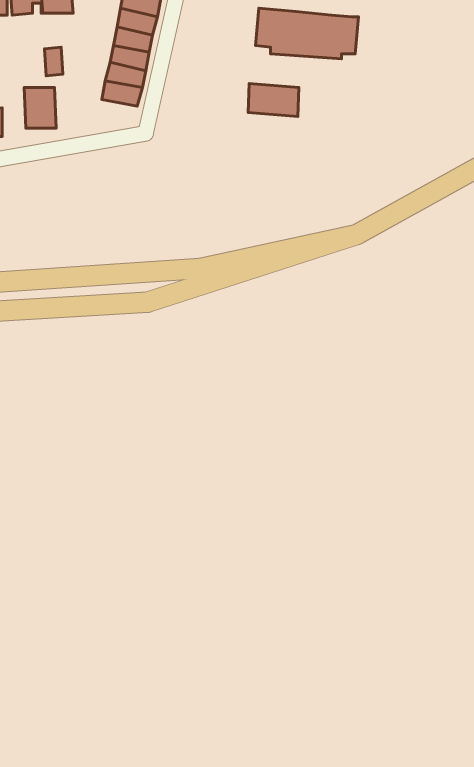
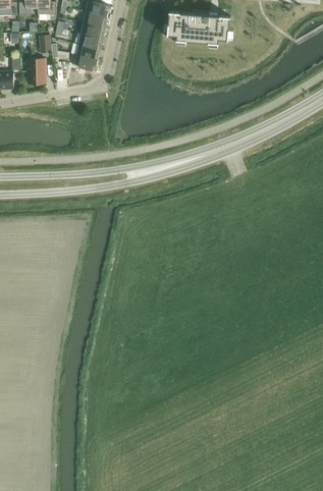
building: [248,83,299,117] -> none

